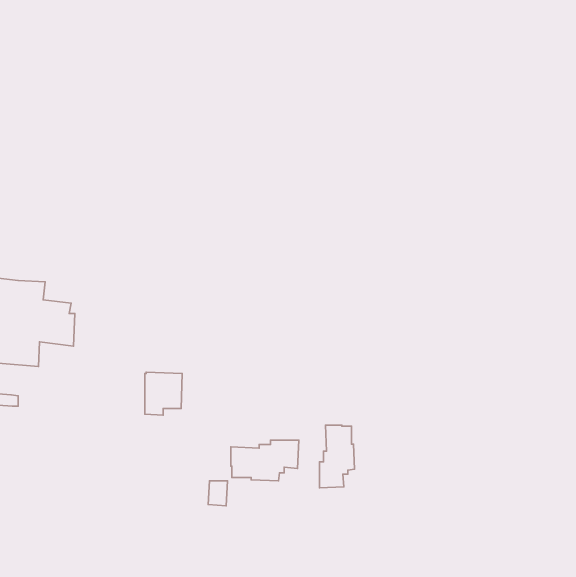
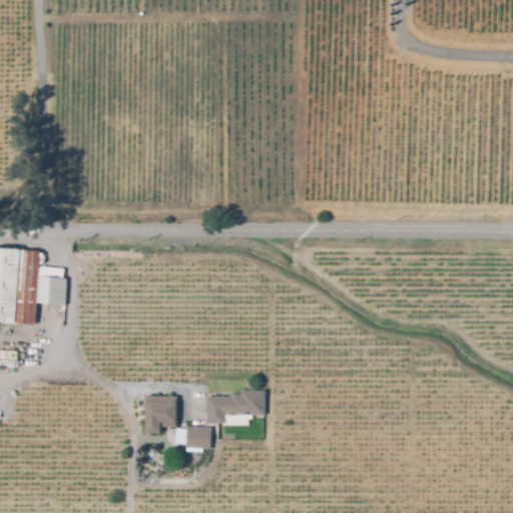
building: [145,372,182,415] -> [143,395,176,433]
building: [320,425,354,488] -> none

